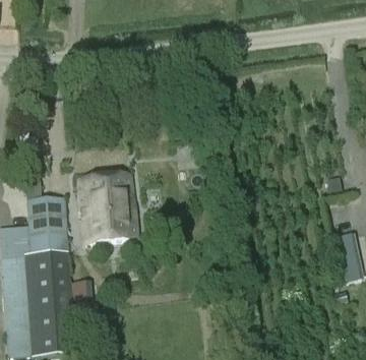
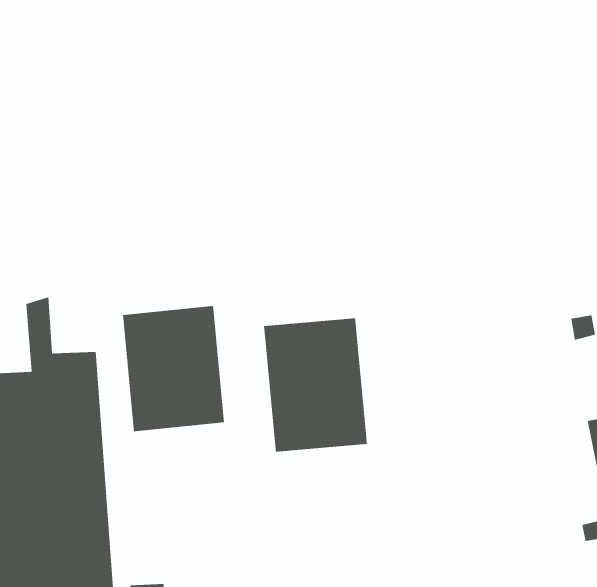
building: none -> [264,318,367,453]

